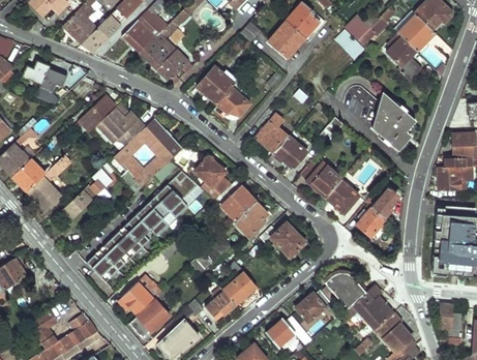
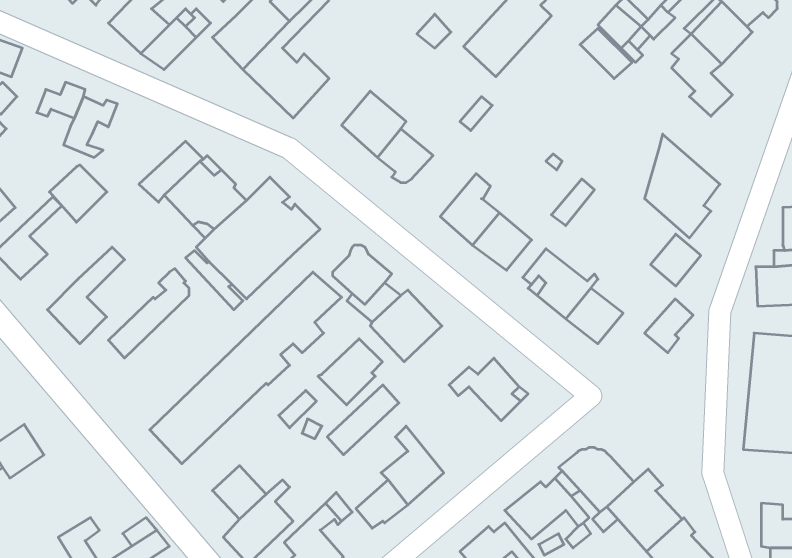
building: [12,159,46,192] -> [49,165,107,222]
building: [232,202,269,240] -> [318,339,382,405]
building: [358,206,387,236] -> [651,234,701,286]

